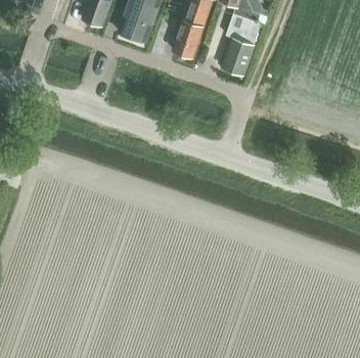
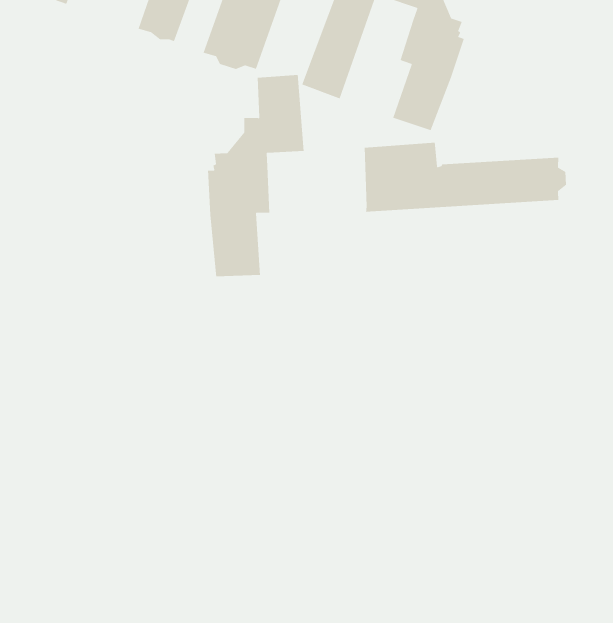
building: none -> [207,74,305,277]
building: none -> [364,142,567,213]

